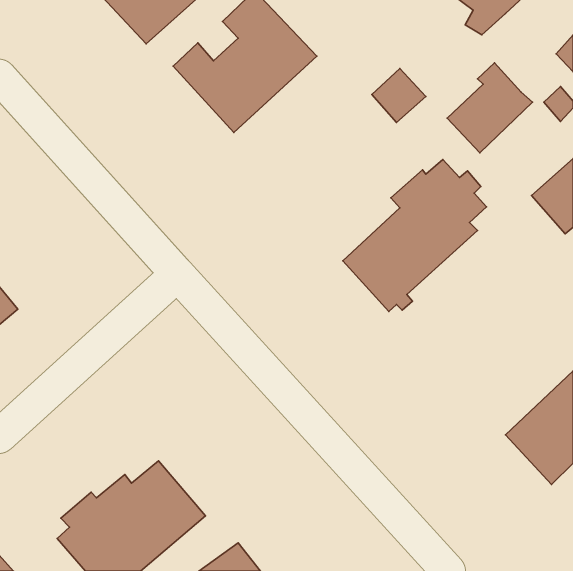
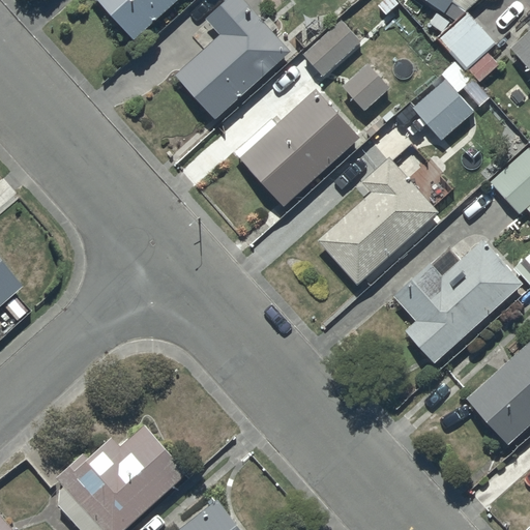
building: none -> [437,12,501,85]
building: none -> [303,20,361,77]
building: none -> [233,89,361,208]
building: none -> [392,240,523,364]

